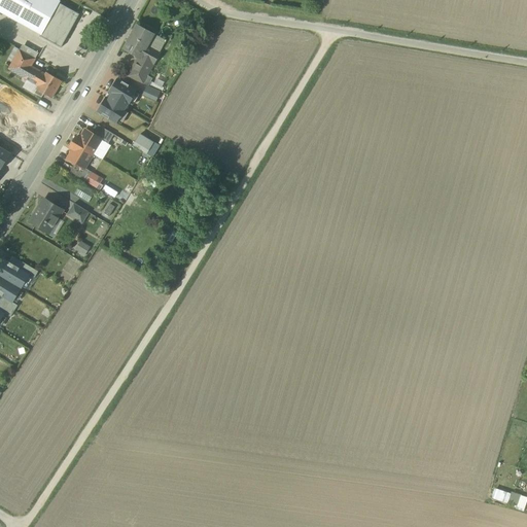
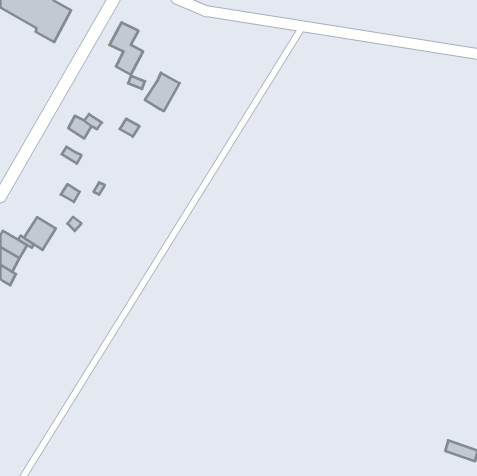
building: [9,49,61,99] -> none
building: [99,74,137,116] -> [145,73,180,111]
building: [67,141,94,168] -> none
building: [28,197,63,233] -> [24,217,56,250]

